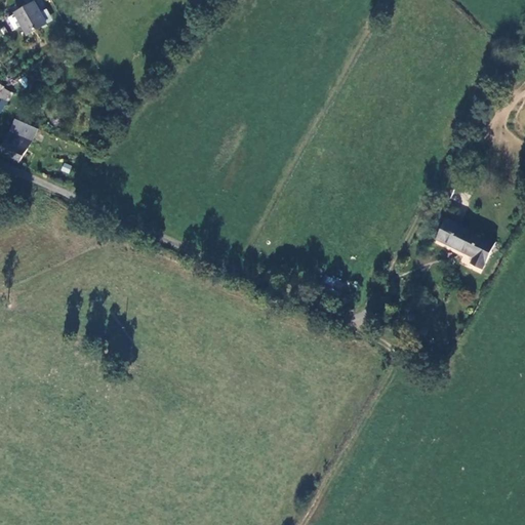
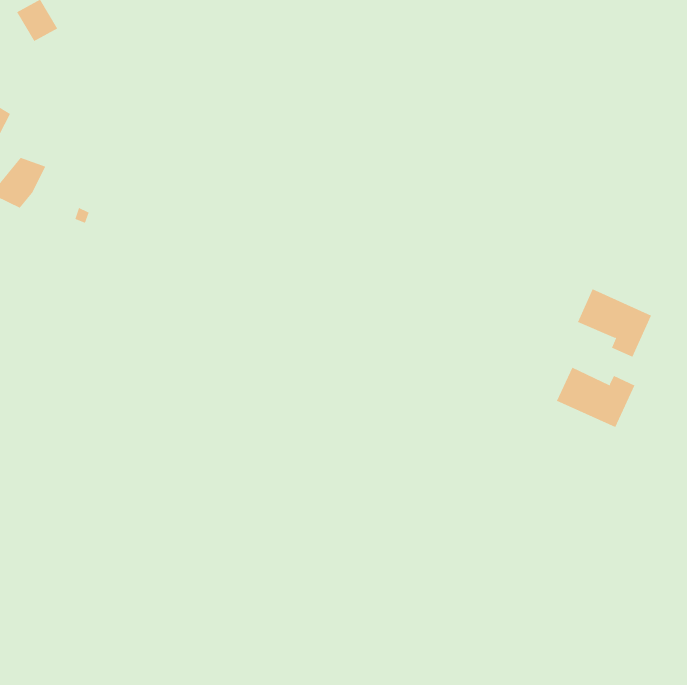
building: none -> [556,367,635,428]

